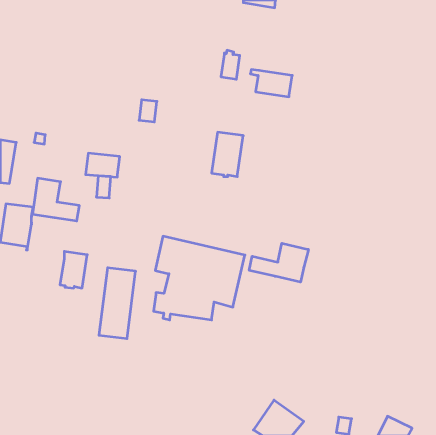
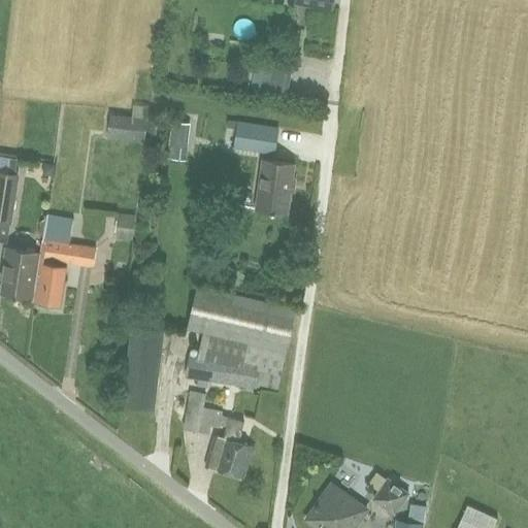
building: [250,70,292,97] -> [227,122,277,155]
building: [86,153,120,177] -> [106,113,147,142]
building: [249,243,308,282] -> none
building: [60,251,87,288] -> [33,263,66,307]
building: none -> [184,402,253,478]
building: none -> [371,477,409,516]

